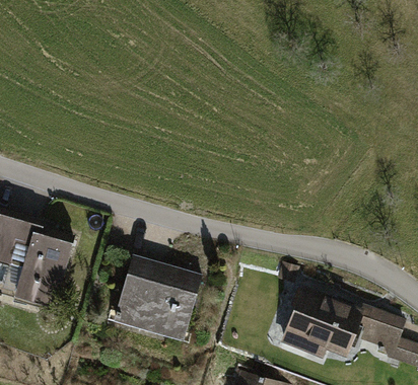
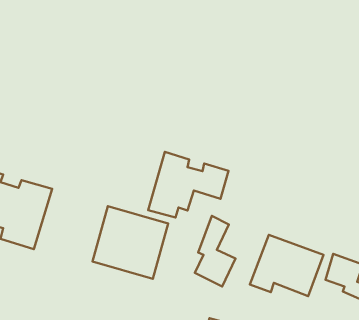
building: none -> [148,152,229,218]
building: none -> [195,216,236,287]

